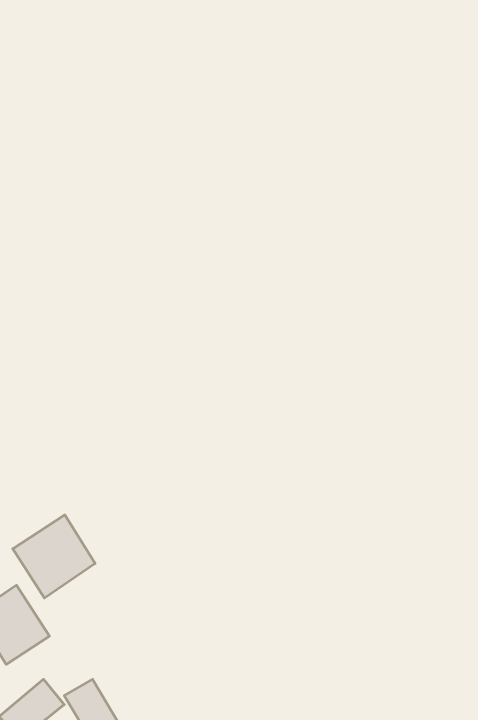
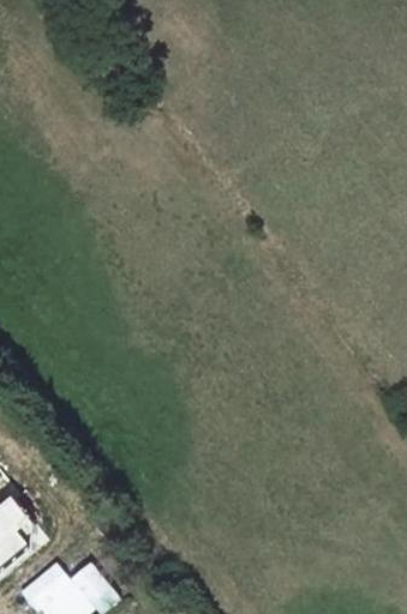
building: [13,515,95,598] -> none

